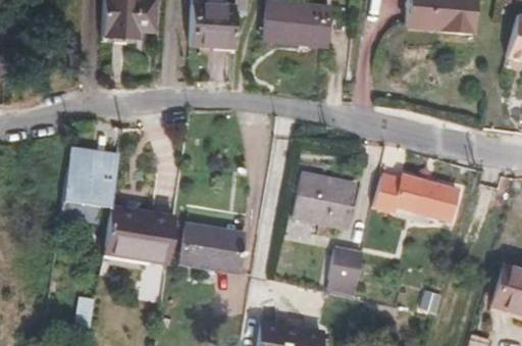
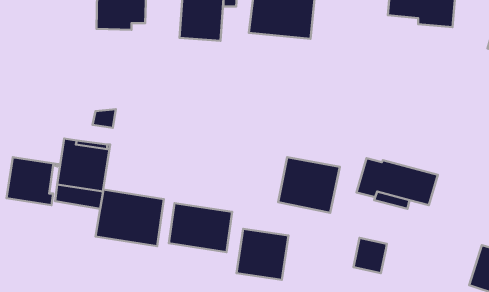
building: none -> [7,157,58,205]
building: none -> [236,229,289,280]
building: [328,249,363,286] -> [353,238,387,273]

